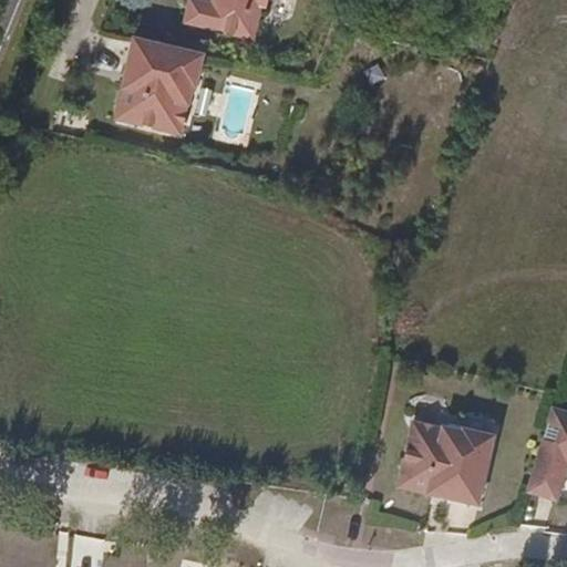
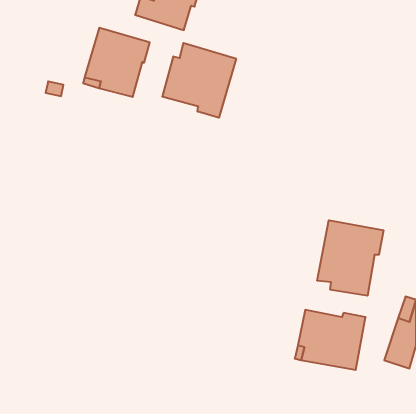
building: none -> [162,43,236,118]
building: none -> [317,220,383,296]

